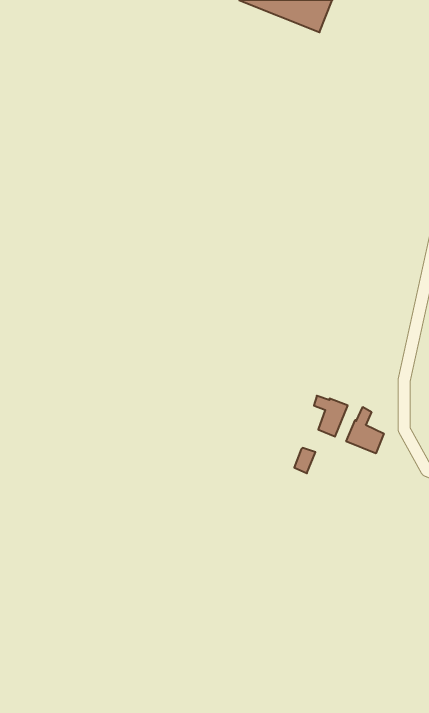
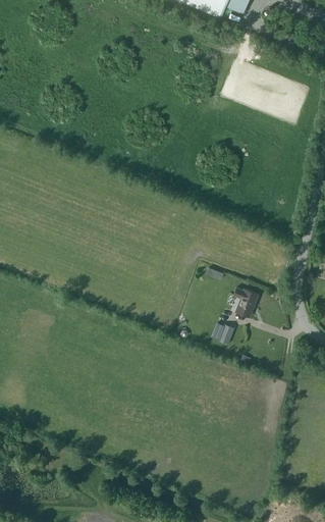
building: [346,407,384,453] -> none

